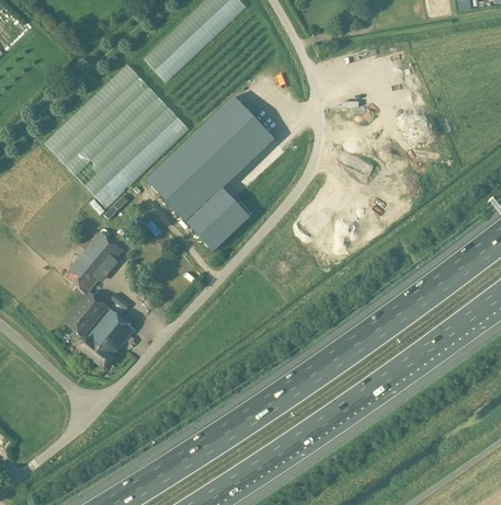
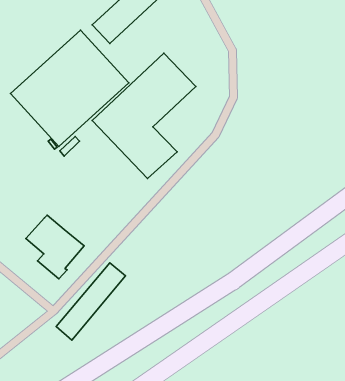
building: [62,232,123,296] -> none
building: none -> [56,263,125,340]

